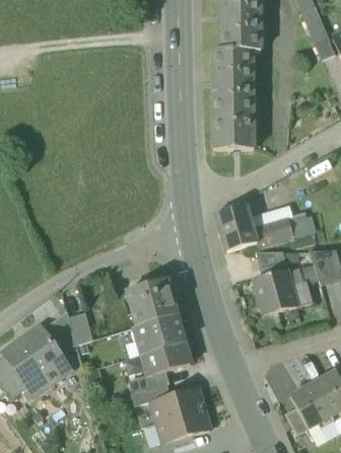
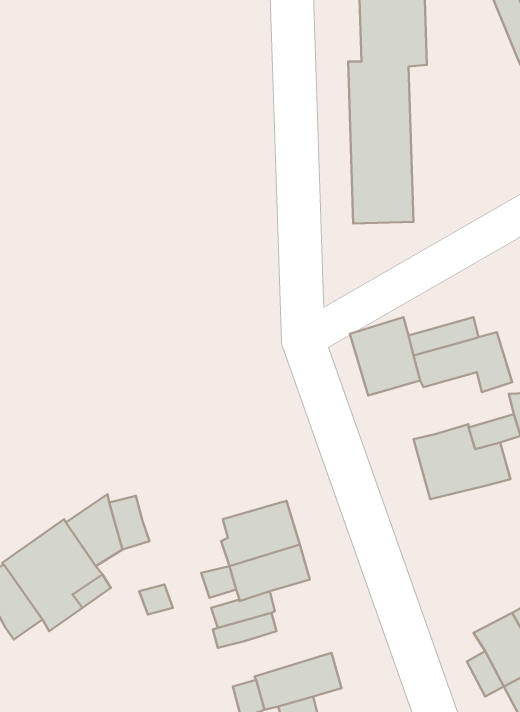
building: [256,249,288,274] -> none
building: [127,278,177,325] -> none
building: [151,385,204,421] -> none

